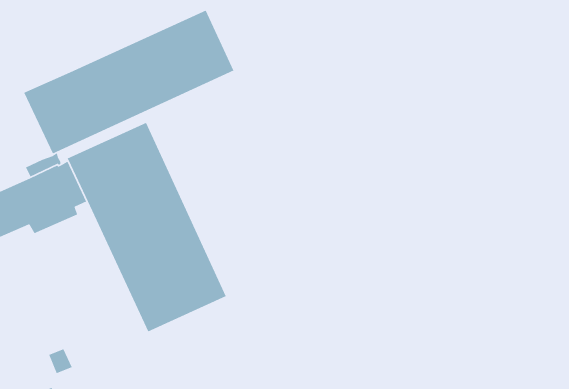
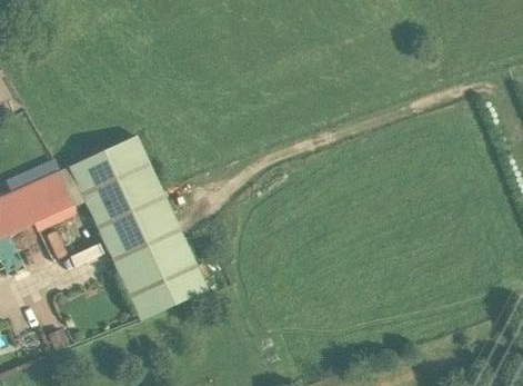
building: [23,10,234,155] -> none

